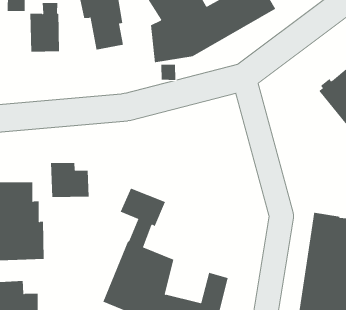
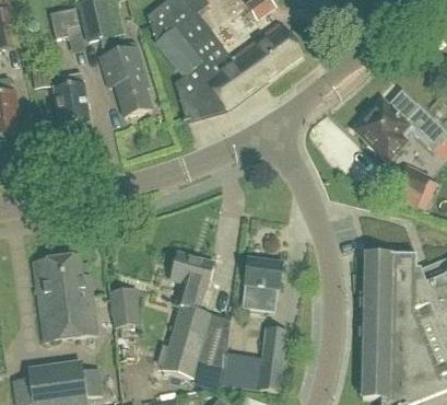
building: [50,162,90,198] -> [109,287,153,325]
building: none -> [242,256,282,305]

